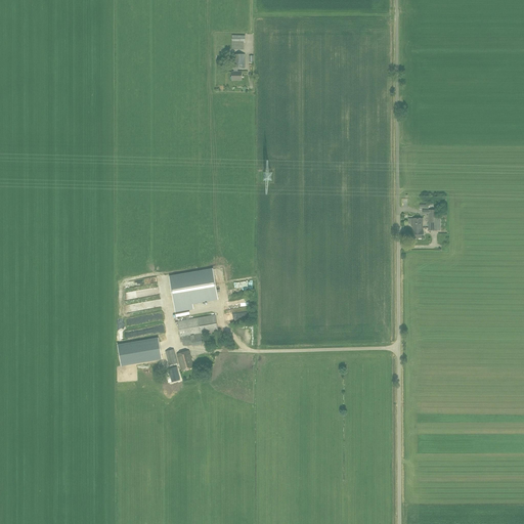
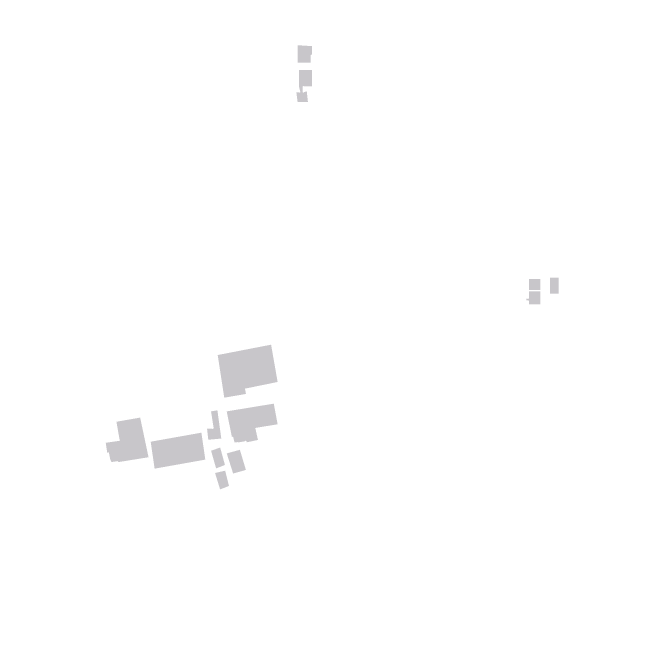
building: none -> [105,417,149,463]

